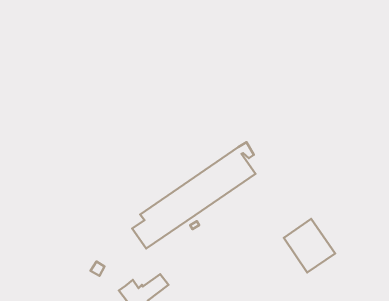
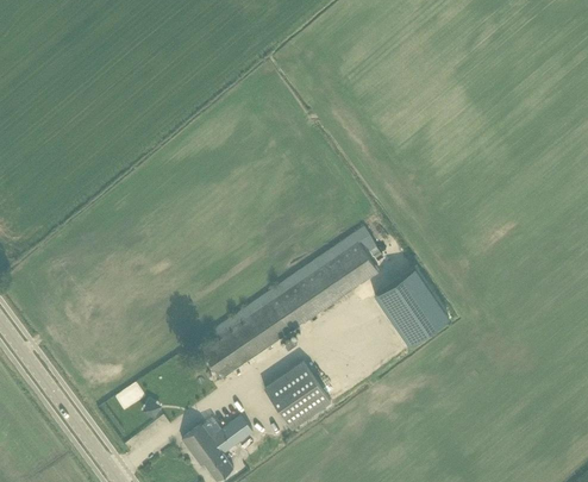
building: [284,219,335,273] -> [375,268,449,345]
building: none -> [264,362,330,427]

